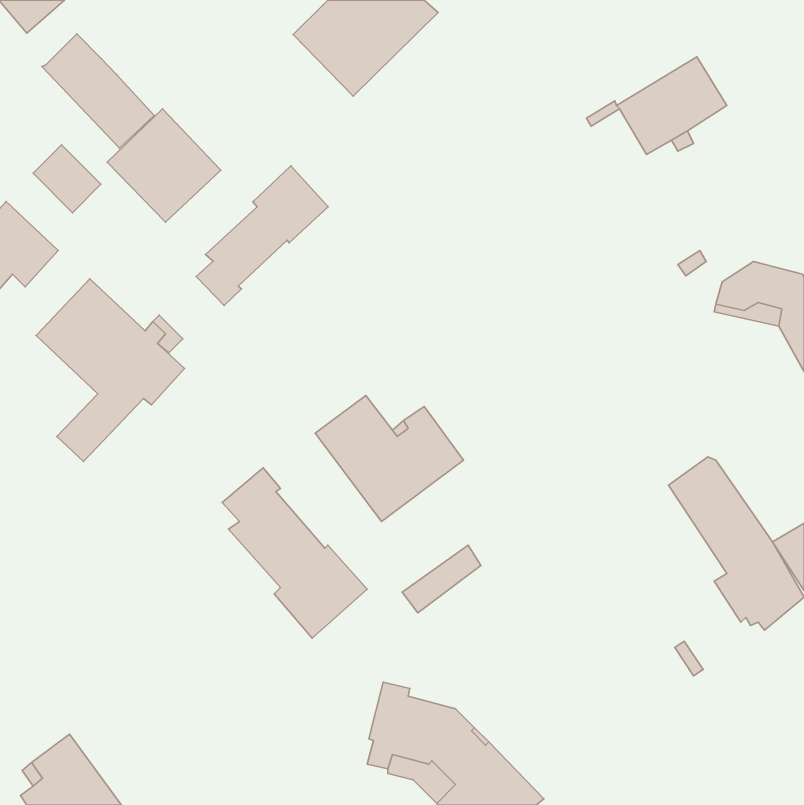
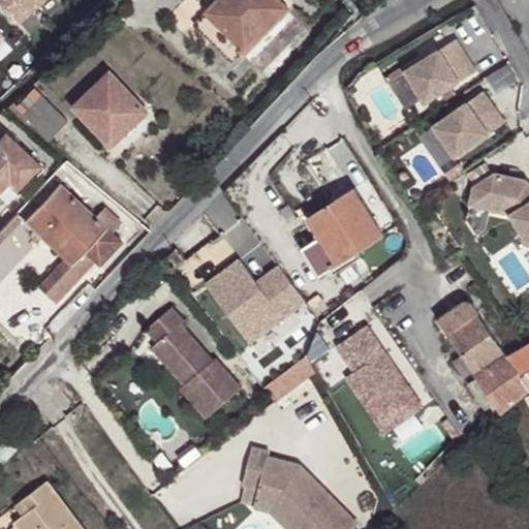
building: [42,34,154,148] -> none
building: none -> [432,91,504,157]
building: [196,166,328,306] -> none
building: none -> [300,188,383,276]
building: none -> [337,329,421,435]

